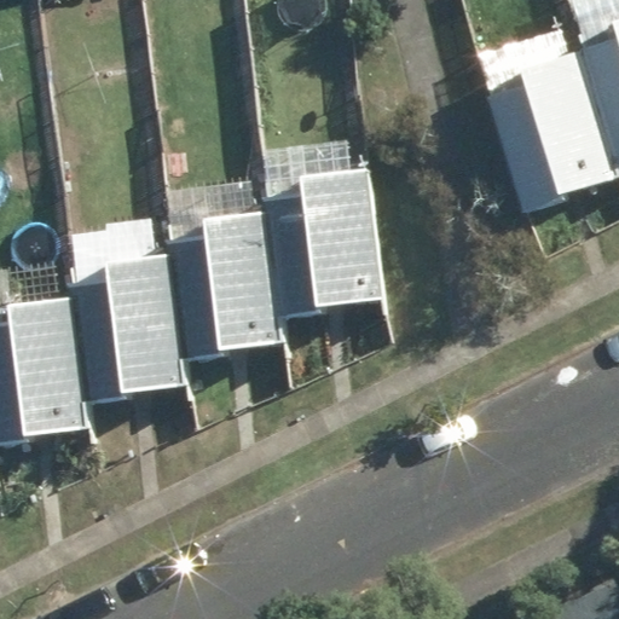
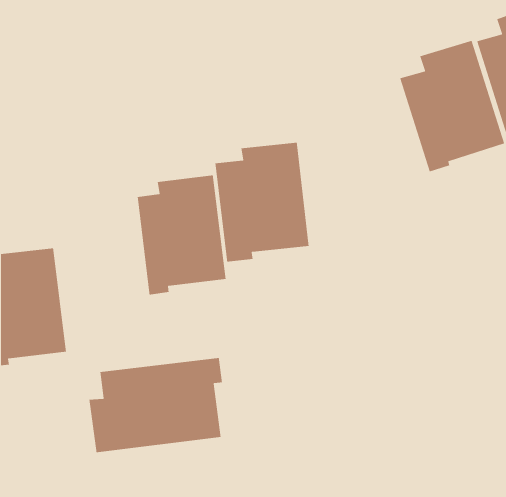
building: [76,255,184,401] -> none
building: none -> [88,357,223,453]

